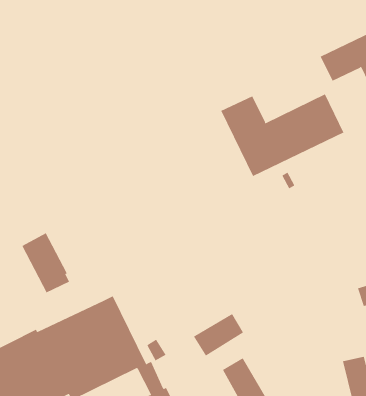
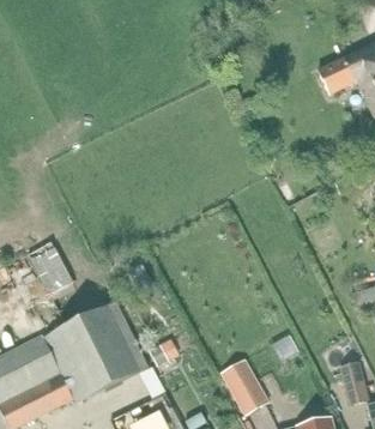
building: [221,93,344,177] -> none
building: [193,313,244,356] -> none

